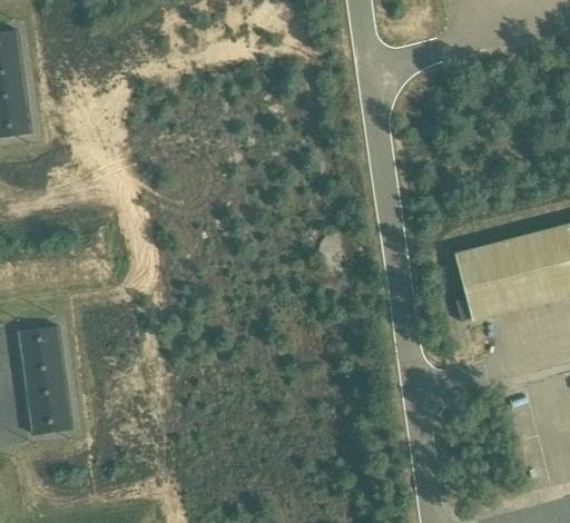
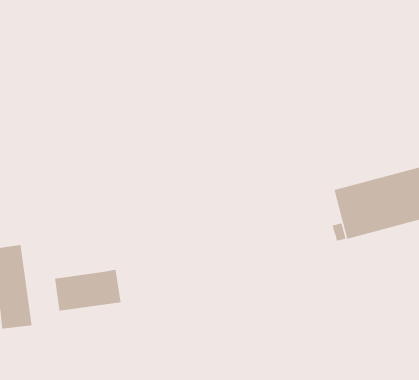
building: none -> [54,269,122,311]

